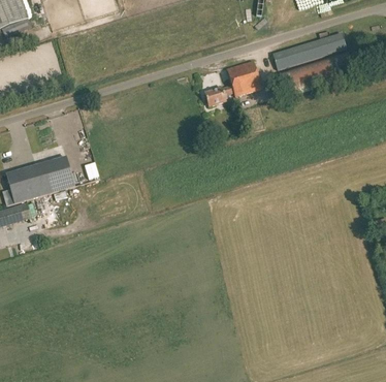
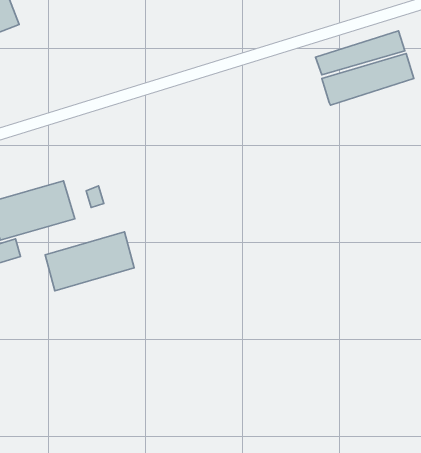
building: [204,59,261,105] -> none
building: none -> [45,232,134,291]

